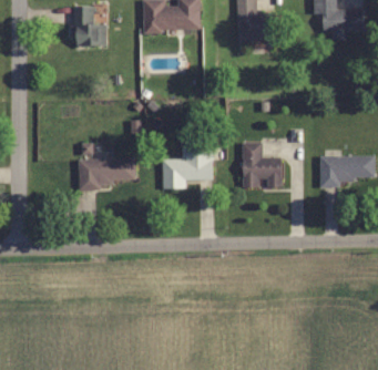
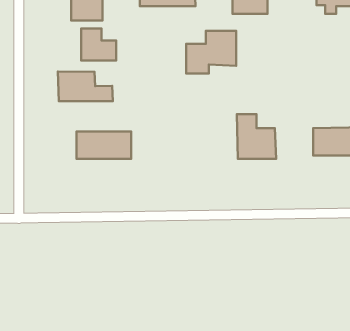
building: none -> [81,29,116,60]
building: none -> [58,71,113,101]
building: [162,146,213,189] -> [186,31,236,73]

